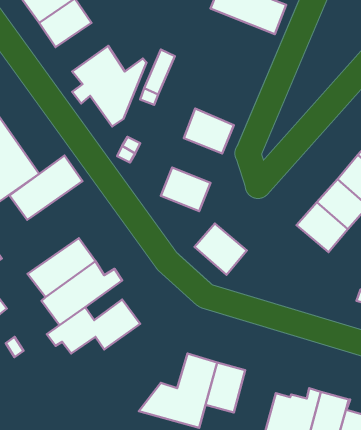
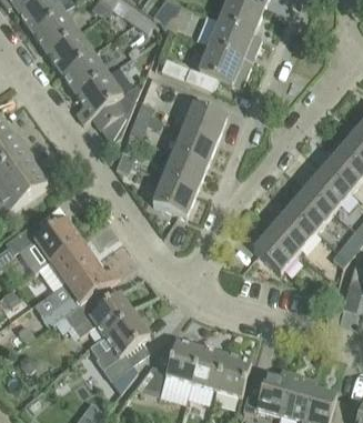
building: none -> [161,46,252,91]
building: none -> [62,52,108,94]
building: none -> [183,102,226,141]
building: none -> [163,152,206,191]
building: [9,156,82,220] -> [19,216,82,272]
building: [194,224,247,275] -> [253,228,299,272]
building: none -> [97,313,150,380]
building: none -> [216,353,252,396]

